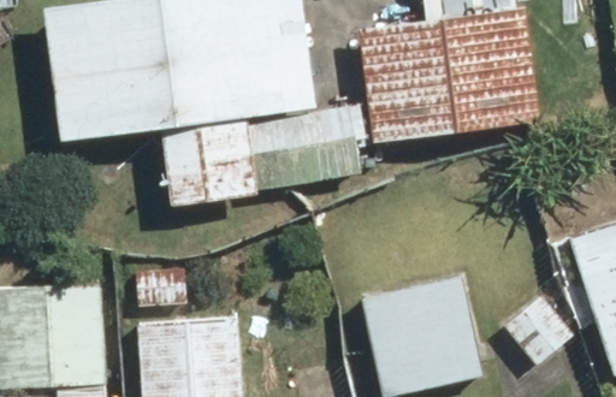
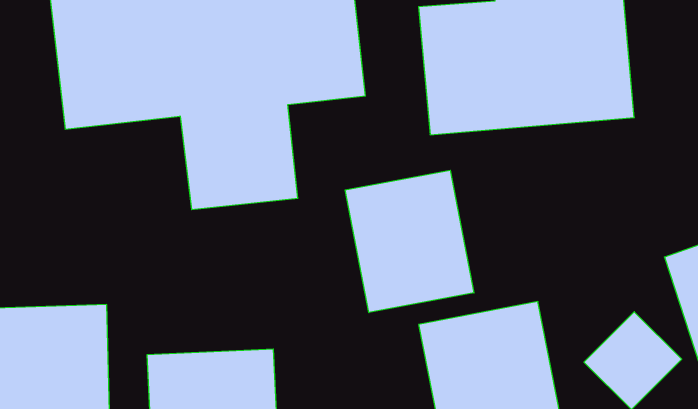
building: none -> [345,170,474,313]

